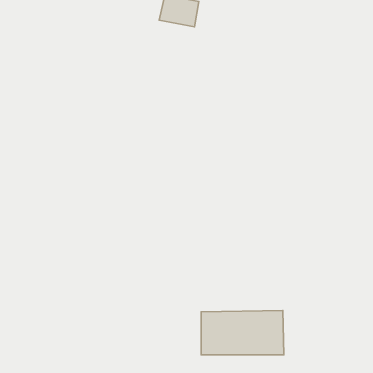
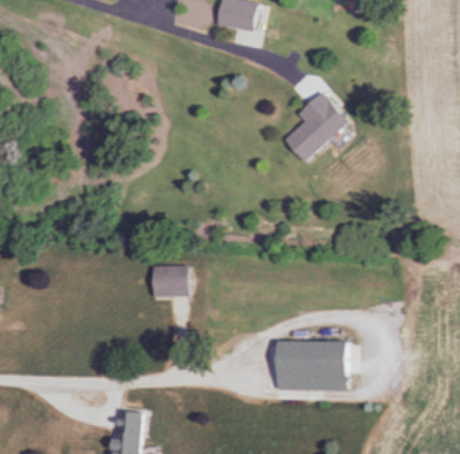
building: none -> [282,92,347,160]
building: none -> [152,265,189,297]

